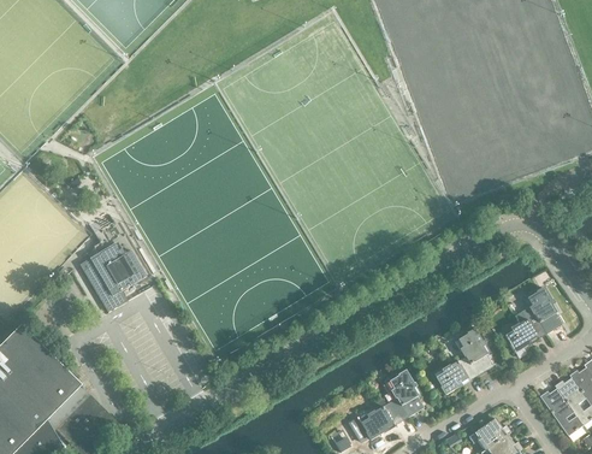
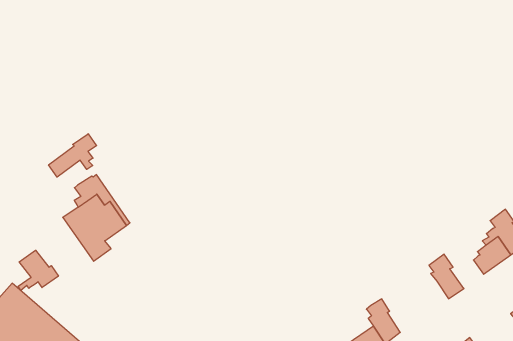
building: none -> [49,134,97,177]
building: none -> [18,250,58,291]
building: [436,355,475,393] -> none

